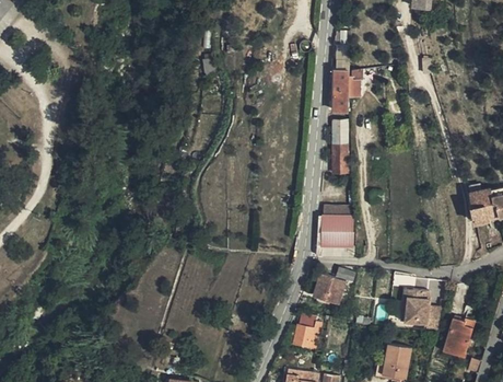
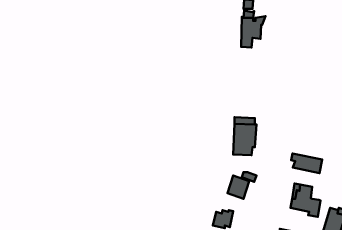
building: [330,112,347,164] -> none
building: none -> [291,153,322,173]

